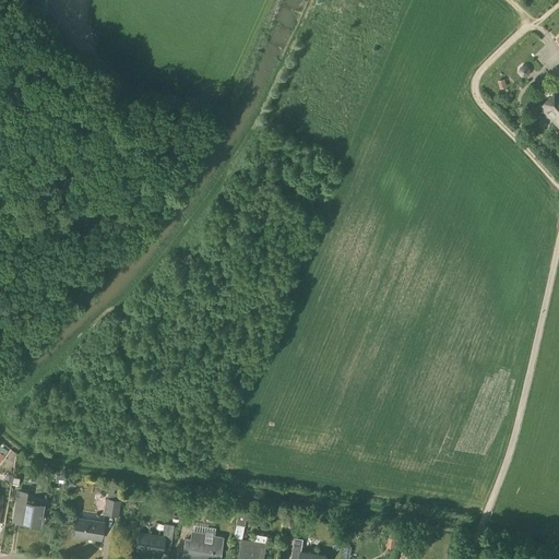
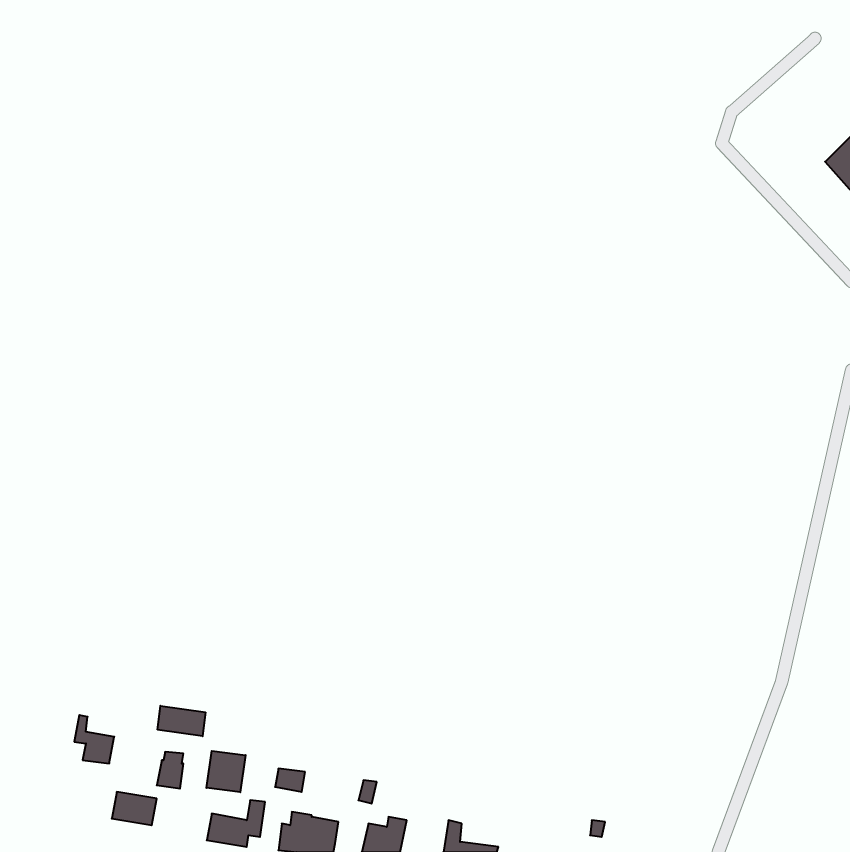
building: none -> [158,706,205,736]
building: none -> [206,751,246,792]
building: [16,492,43,524] -> [74,715,114,763]

